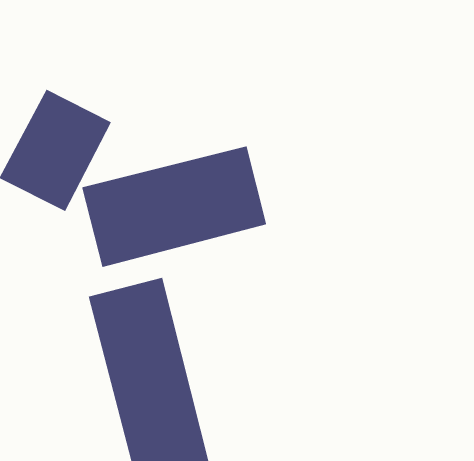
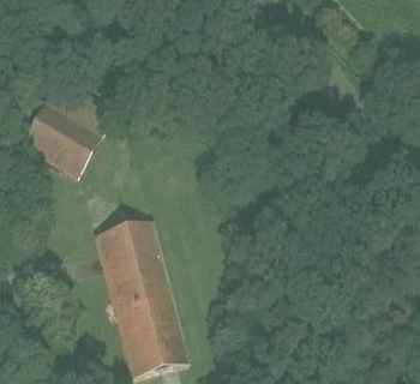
building: [81,145,267,268] -> none

